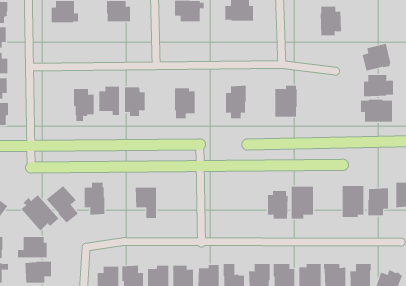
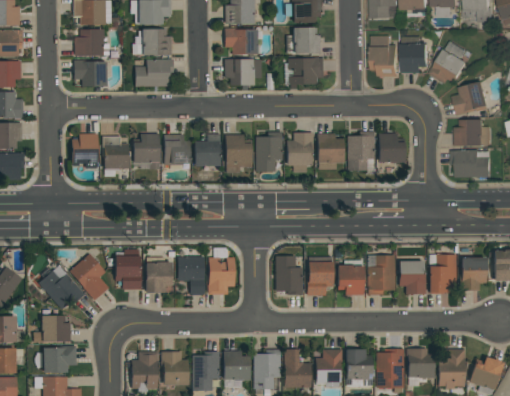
building: none -> [372,35,398,75]
building: none -> [429,40,468,84]
building: none -> [288,57,325,90]
building: none -> [135,59,174,87]
building: none -> [224,59,262,85]
building: none -> [74,60,106,87]
building: none -> [255,132,283,172]
building: none -> [72,134,98,168]
building: none -> [195,134,220,172]
building: none -> [317,134,344,170]
building: none -> [379,134,404,163]
building: none -> [208,248,235,294]
building: none -> [275,256,303,295]
building: none -> [145,257,172,293]
building: none -> [399,261,426,294]
building: none -> [307,262,333,296]

